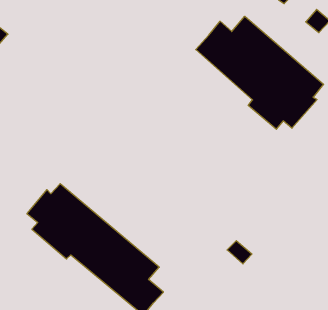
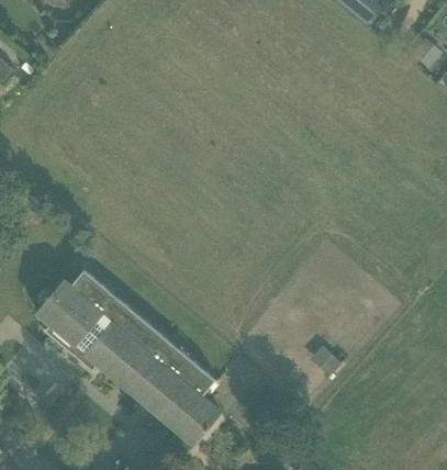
building: [196,16,324,129] -> none

